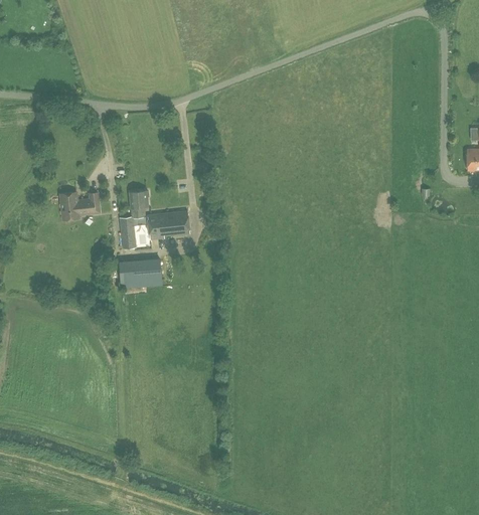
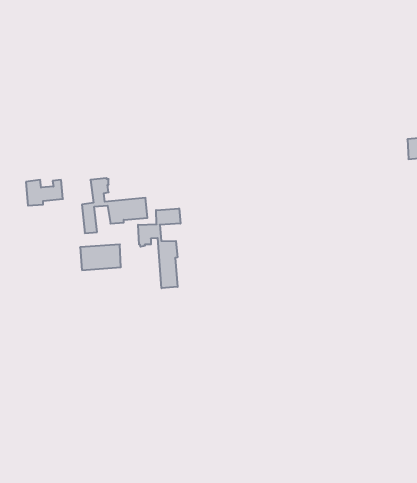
building: none -> [138,208,180,288]

